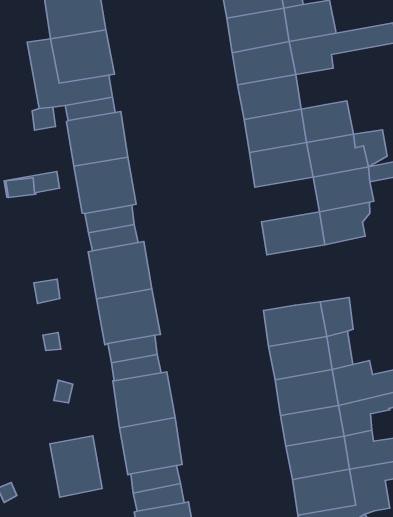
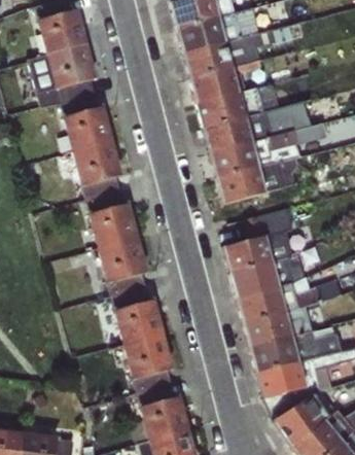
building: none -> [210,142,260,179]
building: none -> [243,207,295,240]
building: [50,436,102,497] -> none

